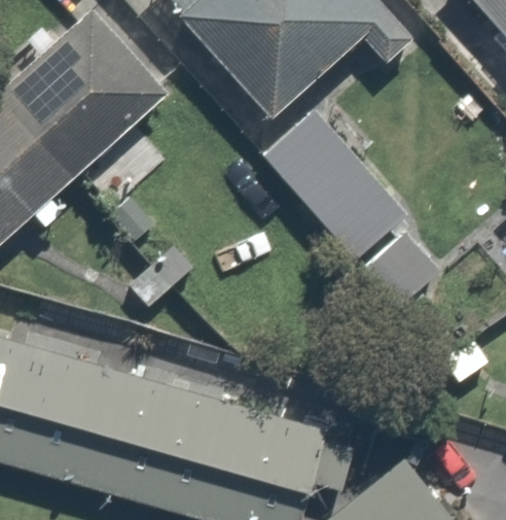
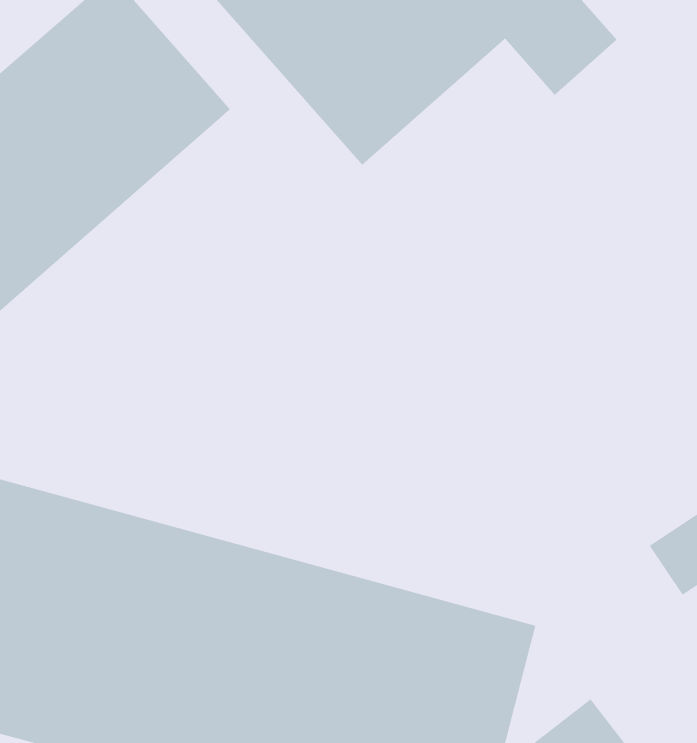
building: [256,111,436,314] -> none

